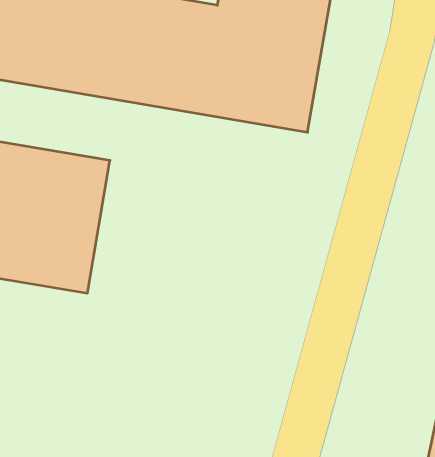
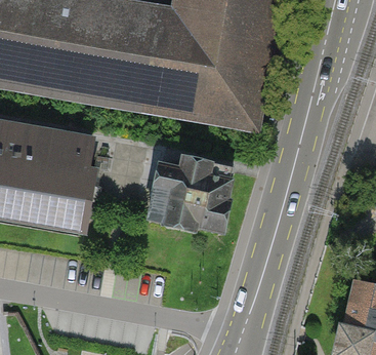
building: none -> [148,155,236,234]

